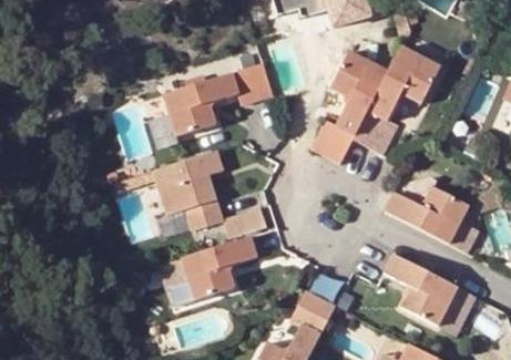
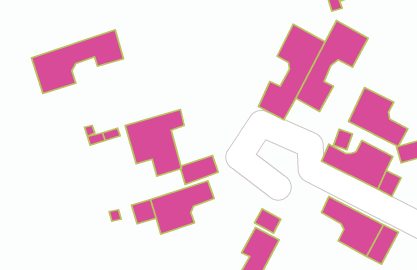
building: [165,60,274,135] -> [32,30,124,93]
building: none -> [348,87,408,146]

